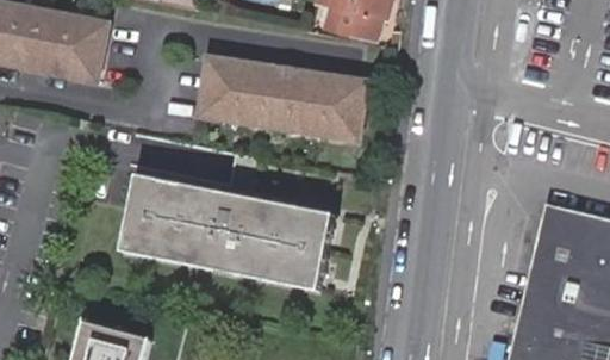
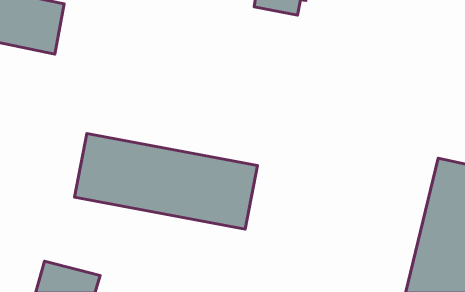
building: [198,57,367,141] -> none

